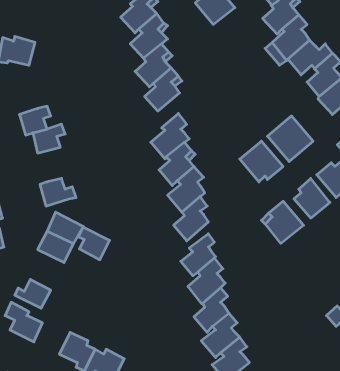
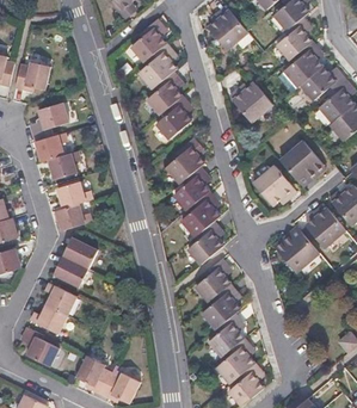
building: none -> [228,82,270,122]
building: none -> [30,103,67,141]
building: none -> [56,181,91,208]
building: [78,227,110,260] -> [44,283,75,315]

